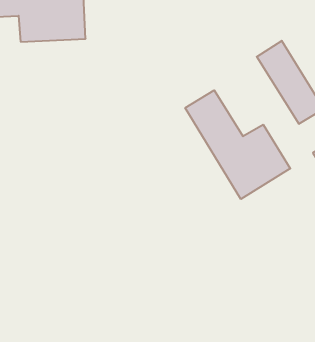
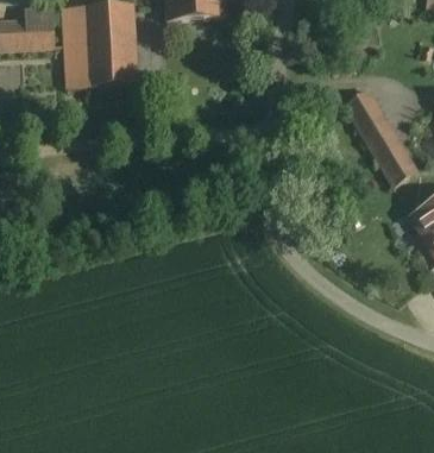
building: [185,90,290,199] -> none

